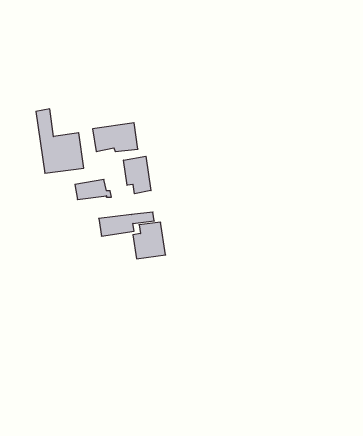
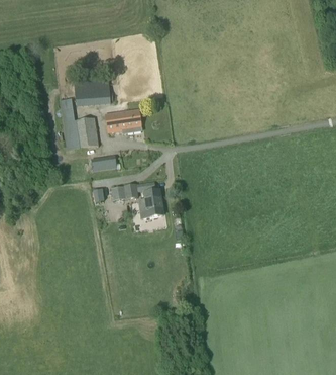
building: none -> [75,77,111,106]
building: [124,156,151,194] -> none

